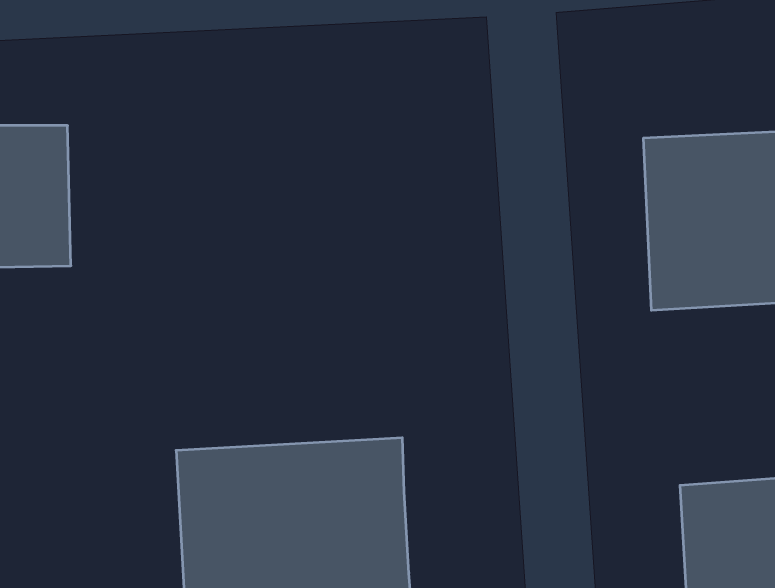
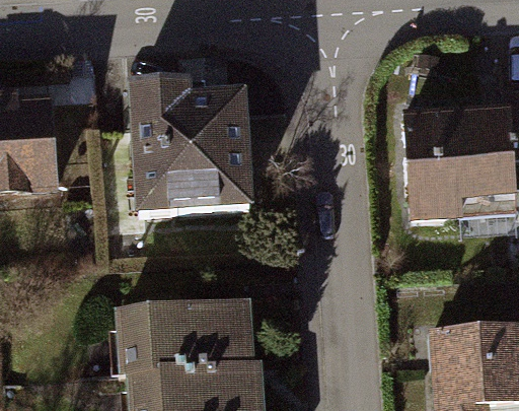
building: none -> [124,89,251,207]

